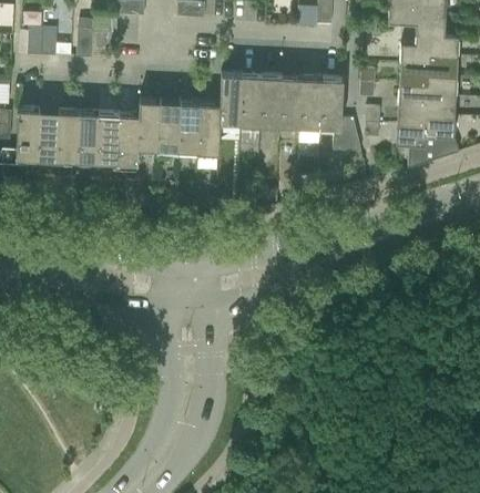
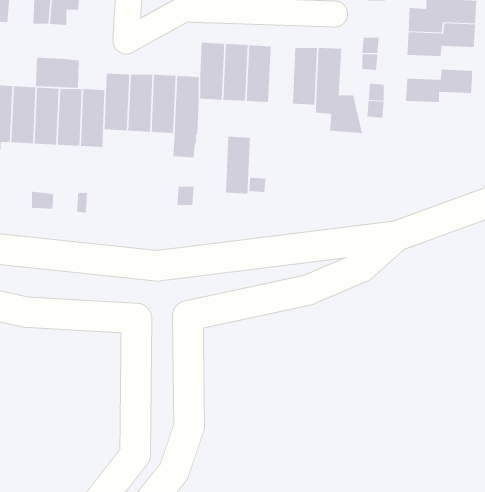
building: [279,76,302,126] -> [225,136,251,194]
building: [398,76,457,105] -> none
building: none -> [36,57,79,88]
building: [396,116,458,170] -> none

